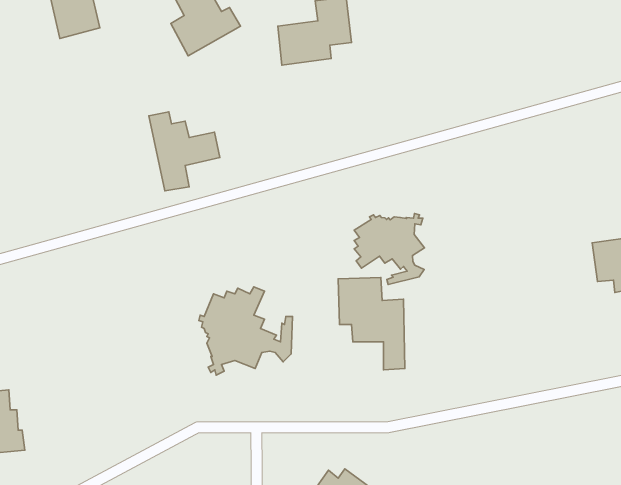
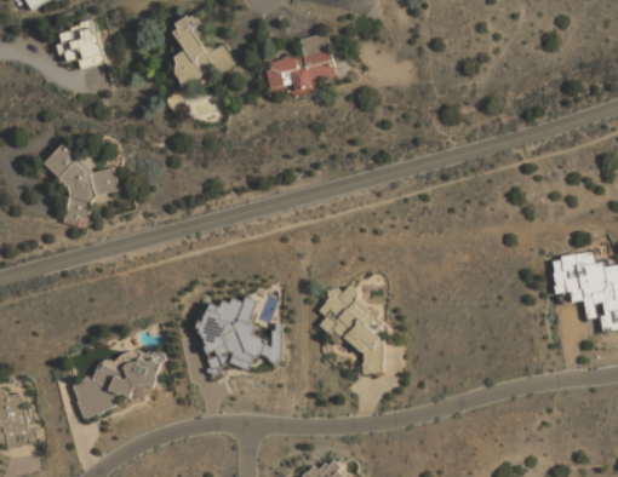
building: [149,112,220,191] -> [55,149,119,220]
building: [354,214,425,284] -> none
building: none -> [71,346,164,418]

